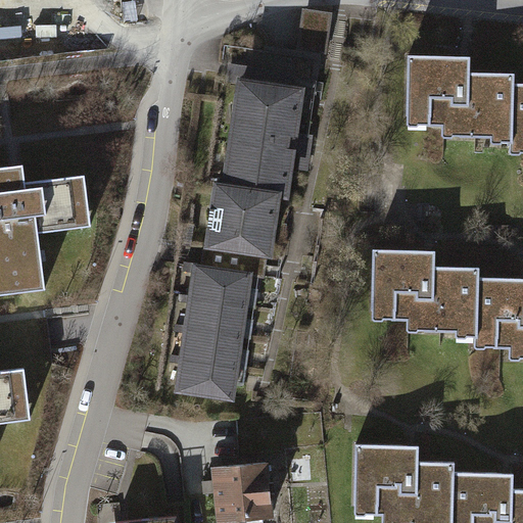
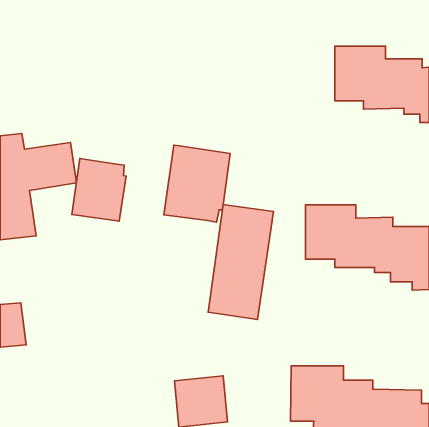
building: [219,64,303,190] -> none
building: none -> [72,159,126,221]
building: [173,263,252,402] -> [208,205,274,320]

